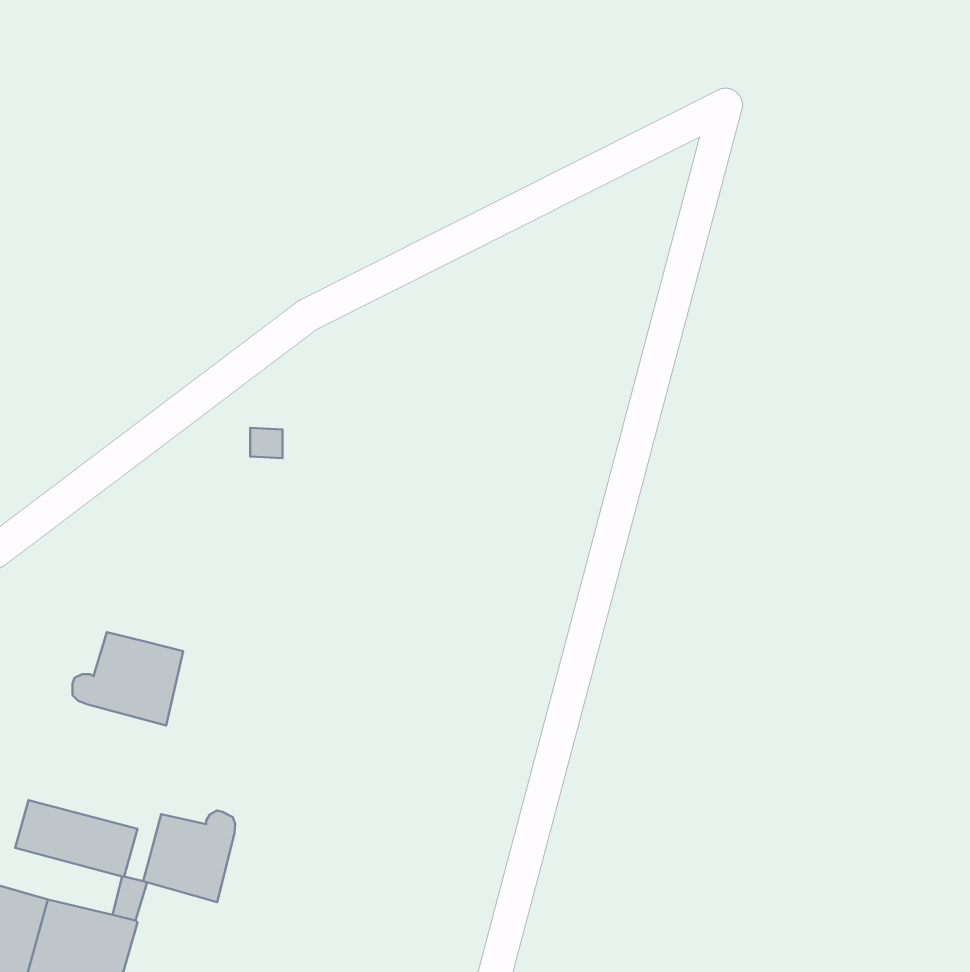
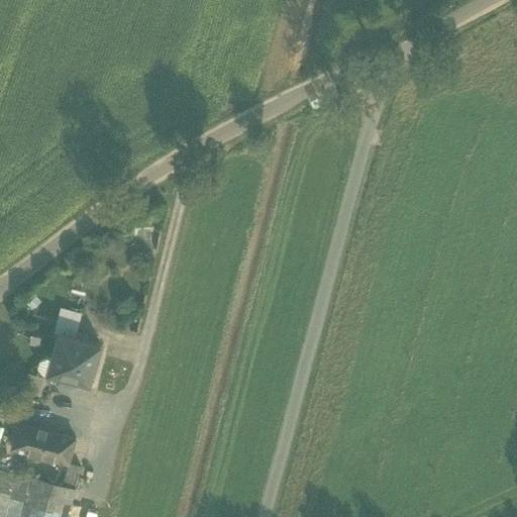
building: none -> [57,311,84,341]
building: [143,811,235,902] -> none

